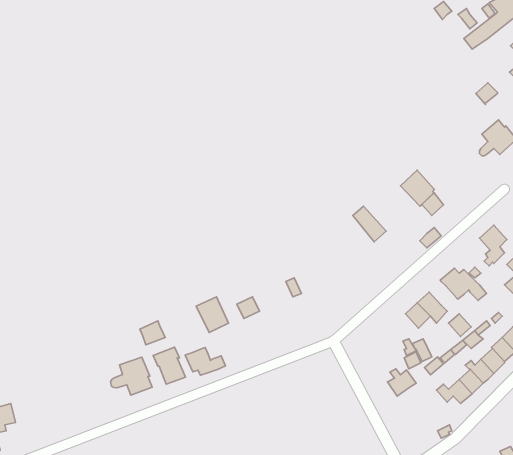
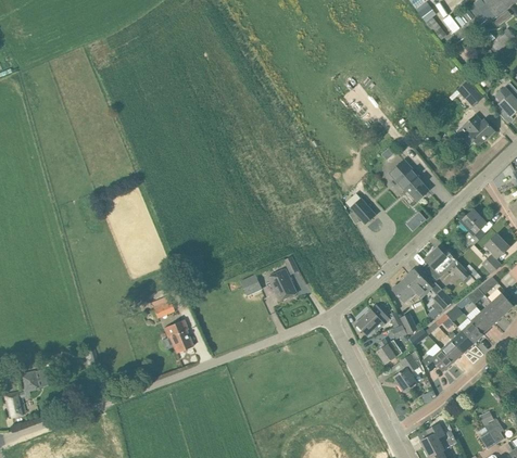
building: [196,297,228,333] -> [267,269,297,302]
building: none -> [356,307,389,336]
building: [185,347,226,375] -> none
building: [110,357,152,395] -> none
building: none -> [395,355,421,391]

